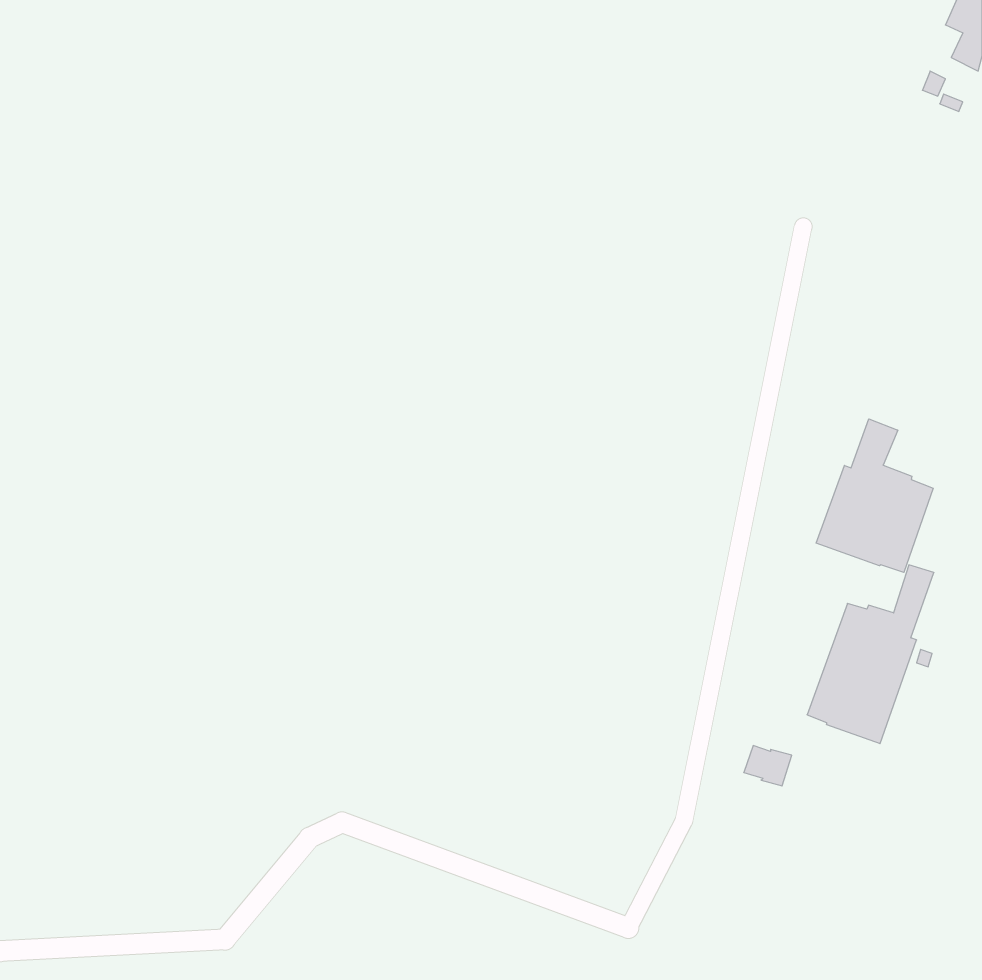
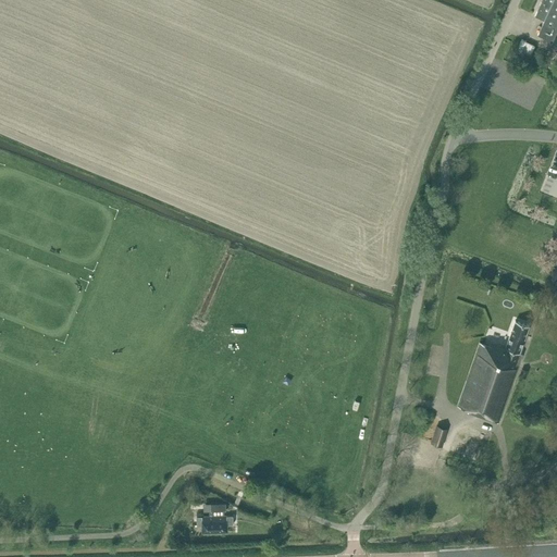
building: [816,419,933,572] -> none
building: none -> [197,515,233,531]

